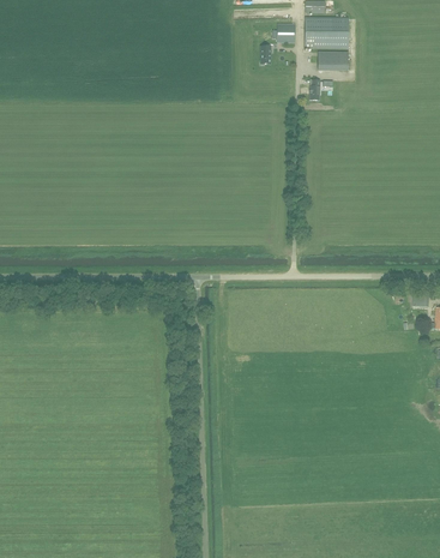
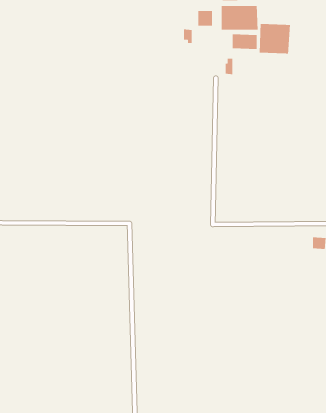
building: none -> [259,23,291,54]

